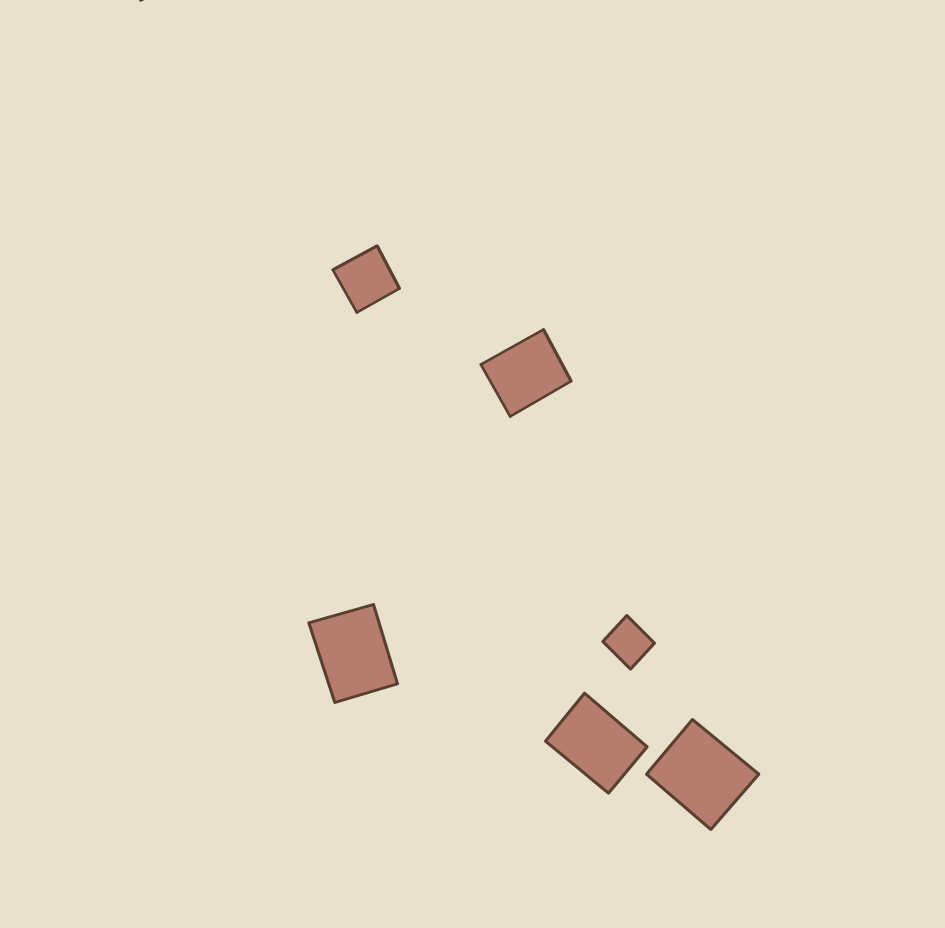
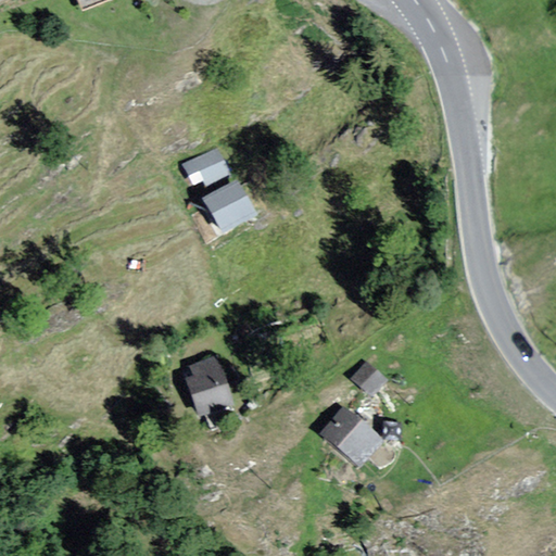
building: [481,330,571,416] -> [203,181,256,232]
building: [646,719,759,829] -> none

